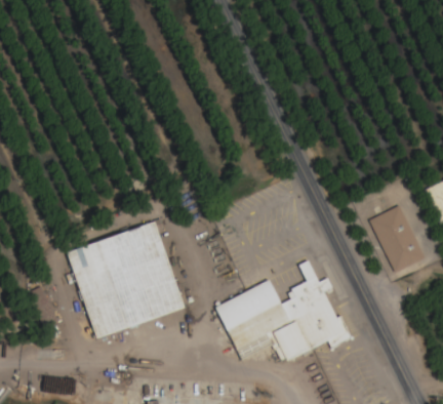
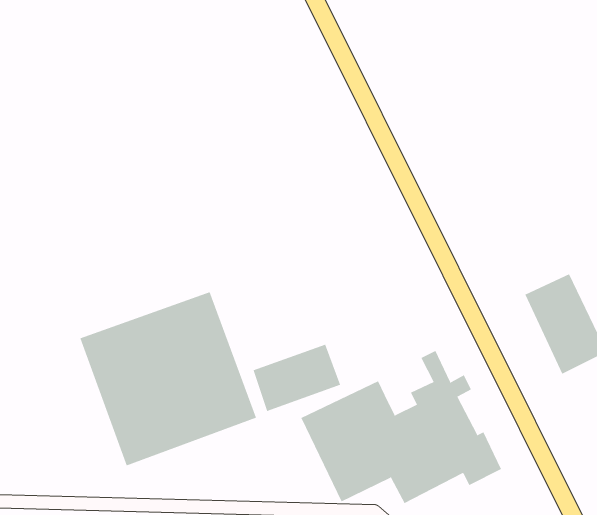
building: none -> [253,344,341,412]

